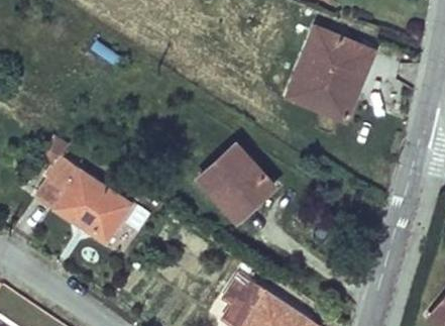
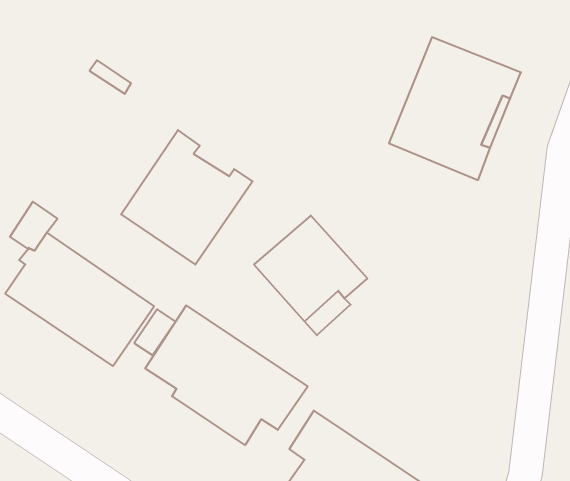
building: none -> [121,130,253,265]
building: none -> [145,305,308,445]

